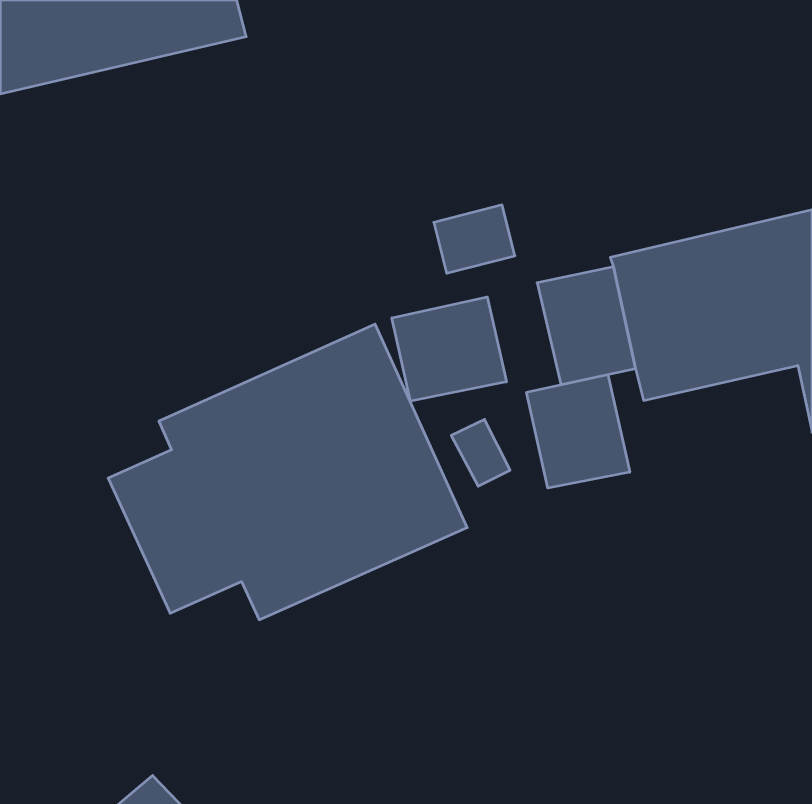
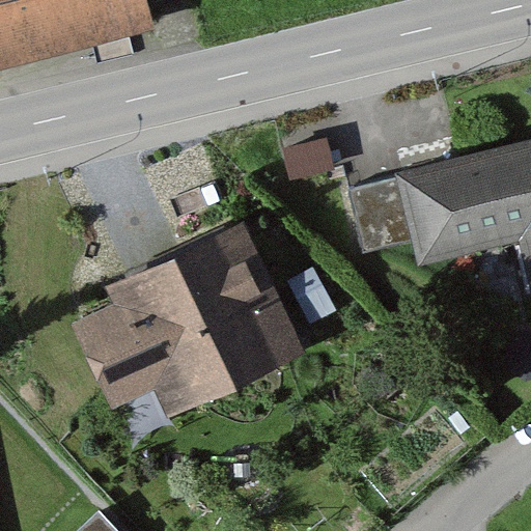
building: [392,297,506,401] -> none
building: [527,375,630,488] -> none

